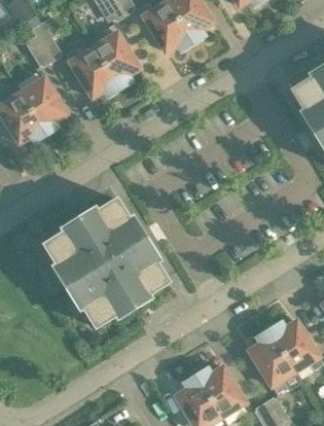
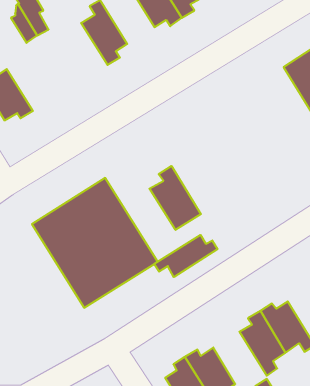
building: [66,47,119,97] -> none
building: [21,78,66,134] -> none
building: none -> [149,166,201,230]
building: none -> [154,235,217,277]

